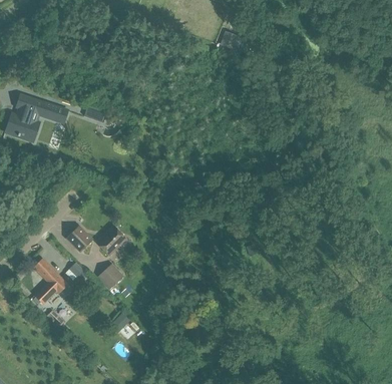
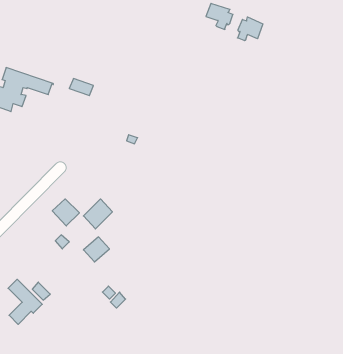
building: none -> [237,17,263,41]
building: [34,260,68,305] -> [8,279,42,324]

